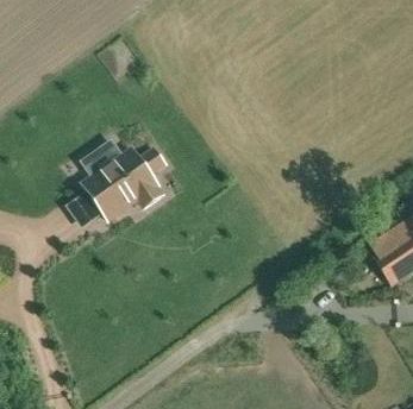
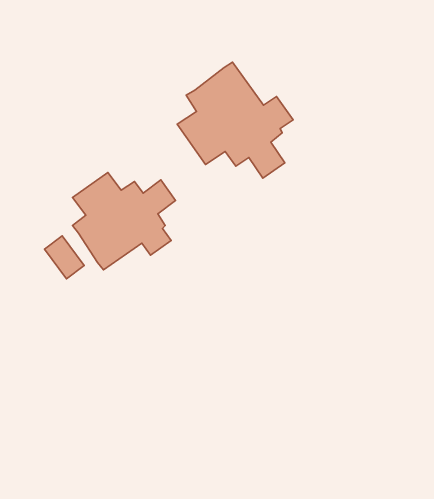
building: none -> [177,62,293,178]

